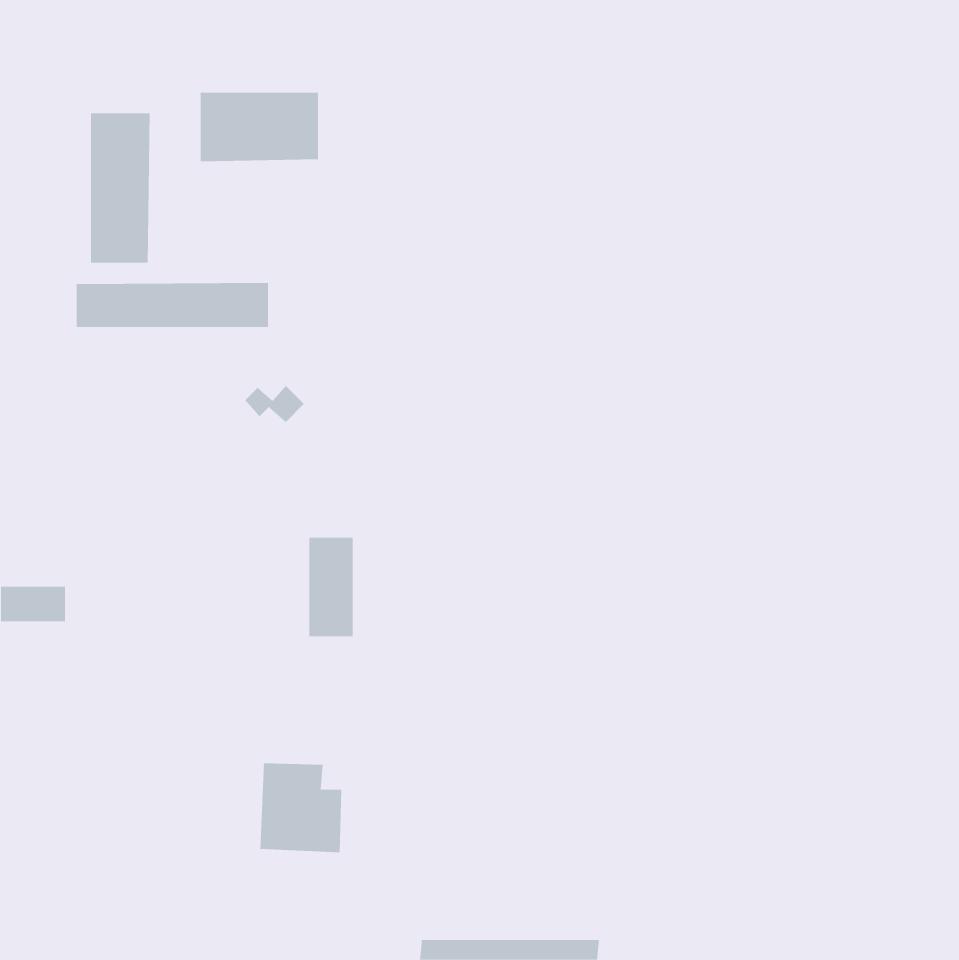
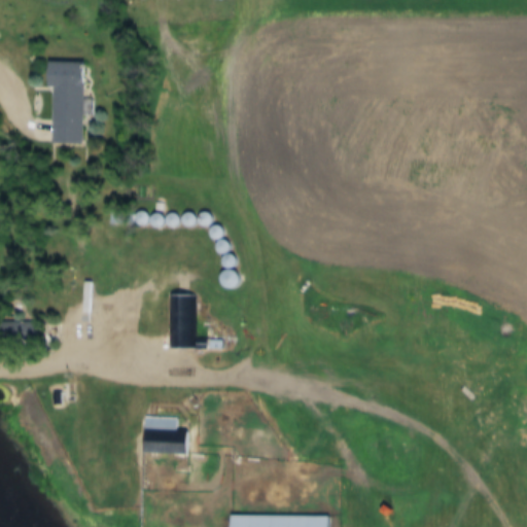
building: [200,92,319,162] -> none
building: [76,282,269,328] -> none

